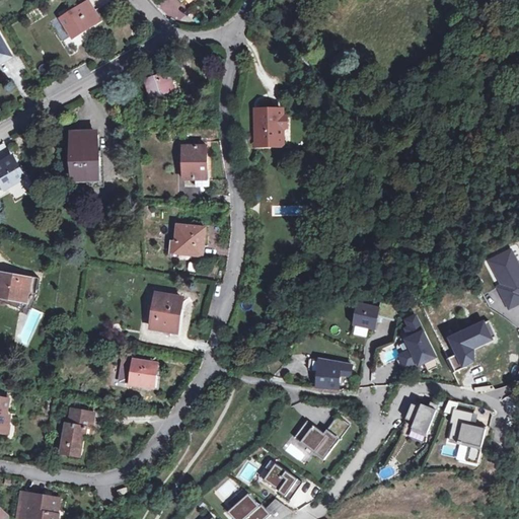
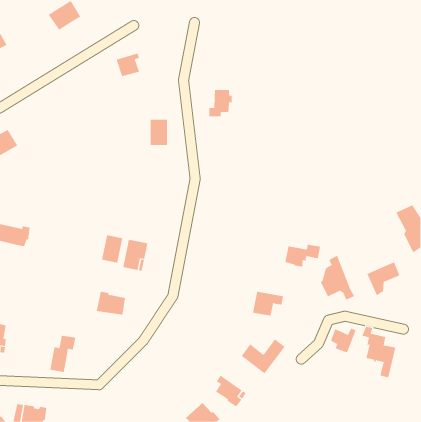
building: [70,134,98,182] -> none
building: [174,225,206,255] -> none
building: none -> [102,235,123,263]

